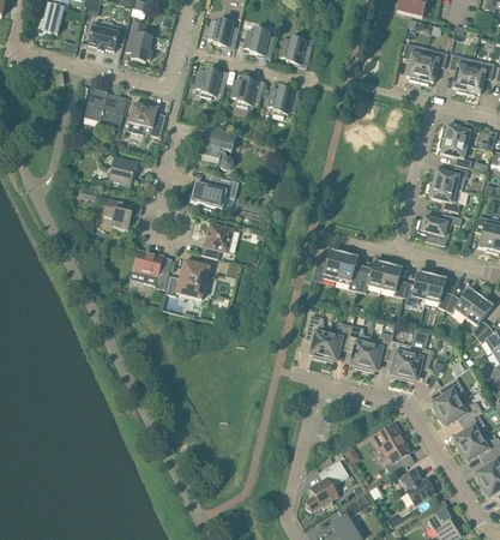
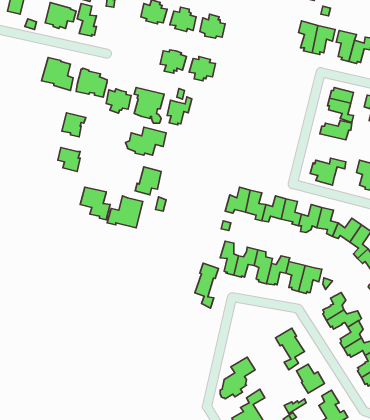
building: [195,68,227,98] -> [106,89,131,113]
building: none -> [167,97,192,125]
building: [427,182,462,211] -> none
building: none -> [195,263,219,308]

